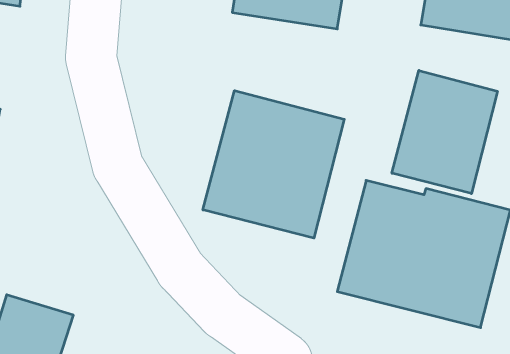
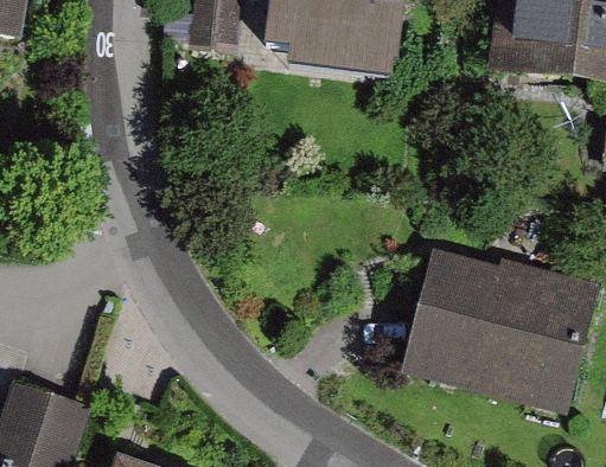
building: [392,70,497,194] -> none
building: [203,91,344,238] -> none

